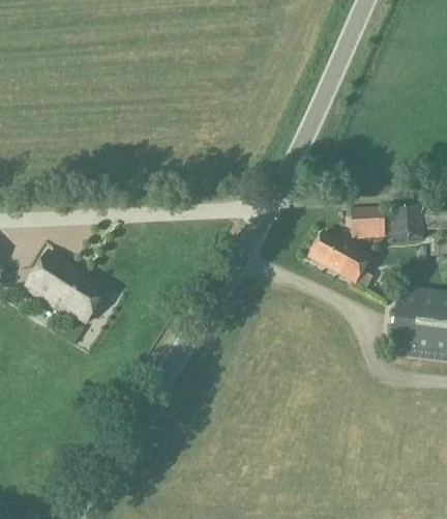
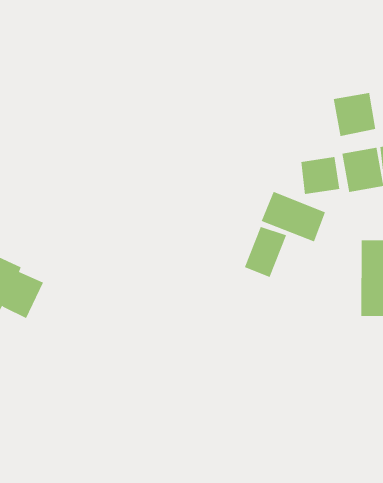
building: none -> [333,92,376,137]
building: none -> [244,226,287,278]

